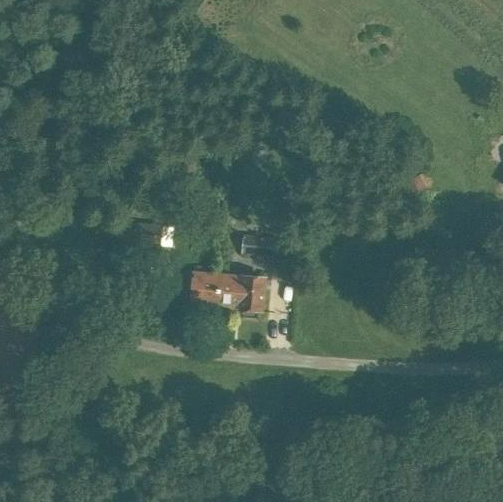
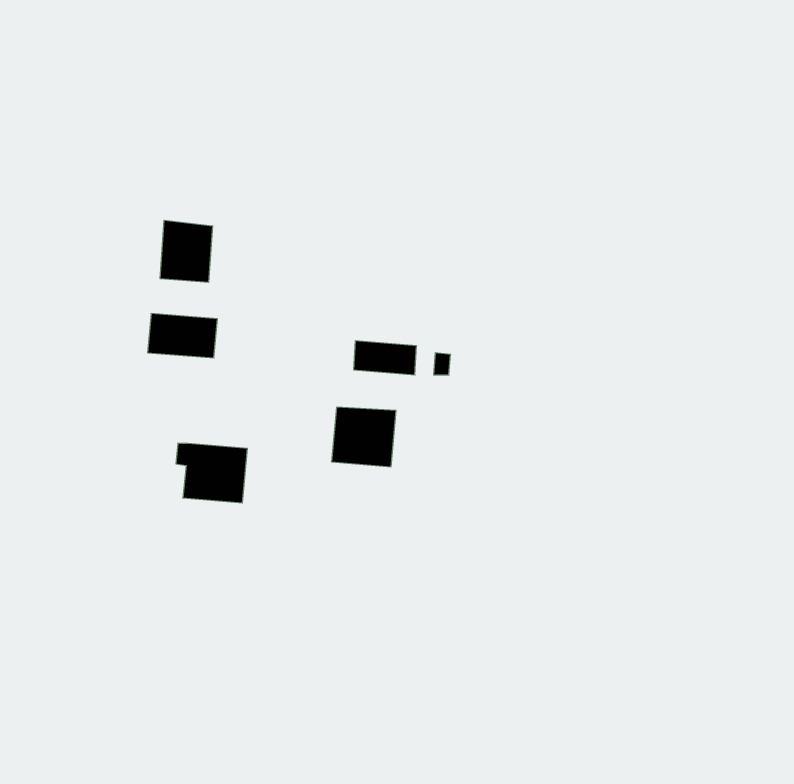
building: none -> [160,220,212,282]
building: [190,271,232,306] -> [176,443,247,503]

